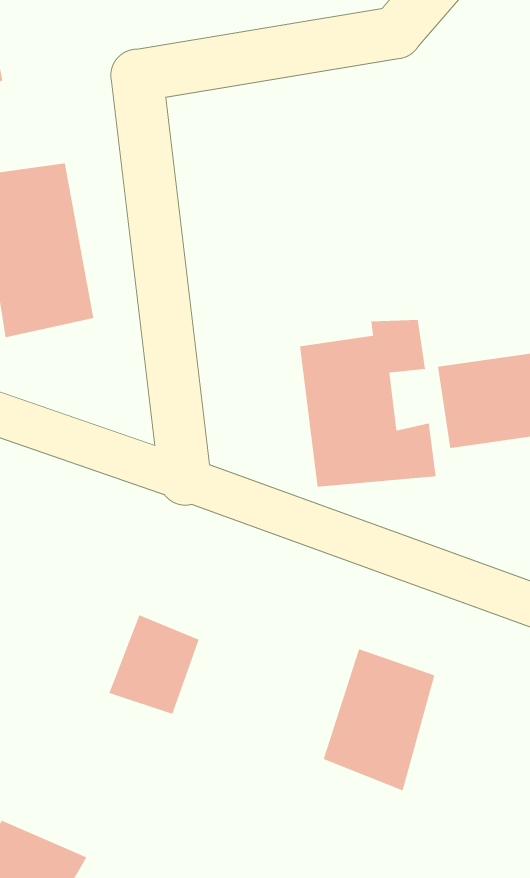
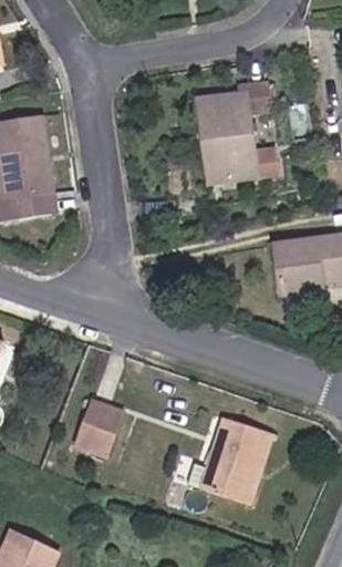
building: [299,319,437,487] -> [194,81,279,185]

